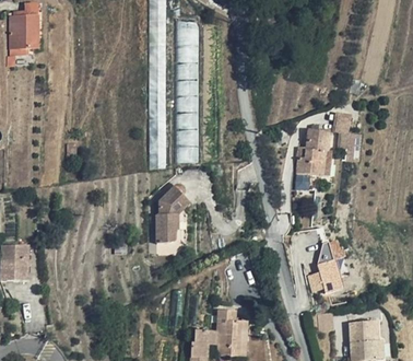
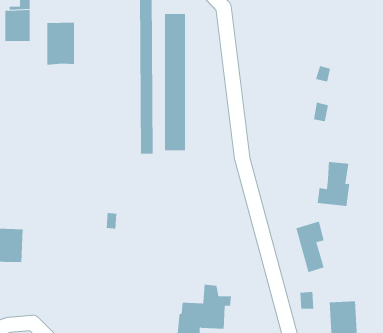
building: none -> [47,22,75,65]
building: [295,129,330,176] -> [317,162,350,206]
building: [156,185,189,242] -> none

